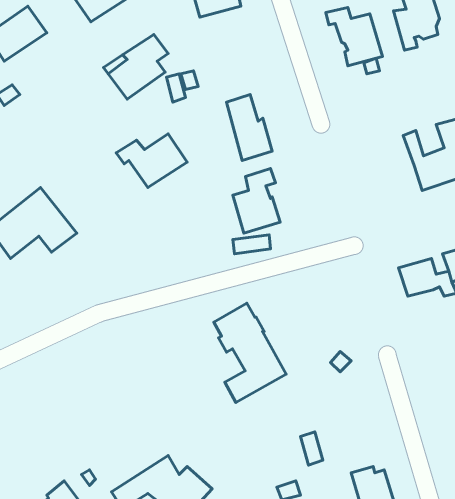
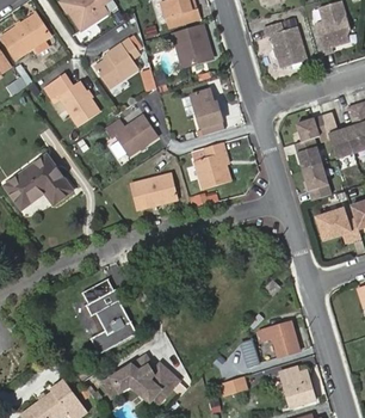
building: none -> [172,24,204,64]
building: none -> [44,74,100,129]
building: none -> [292,116,328,199]
building: none -> [126,174,175,210]
building: [214,303,286,403] -> [79,281,134,356]
building: none -> [259,322,299,356]

